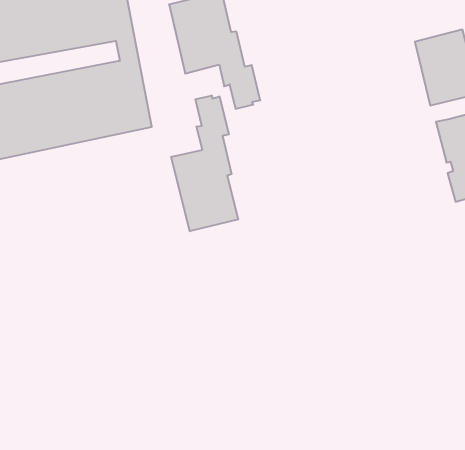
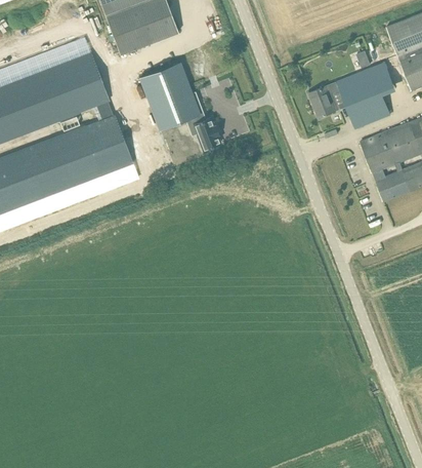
building: none -> [308,85,338,117]
building: [171,95,238,231] -> none

